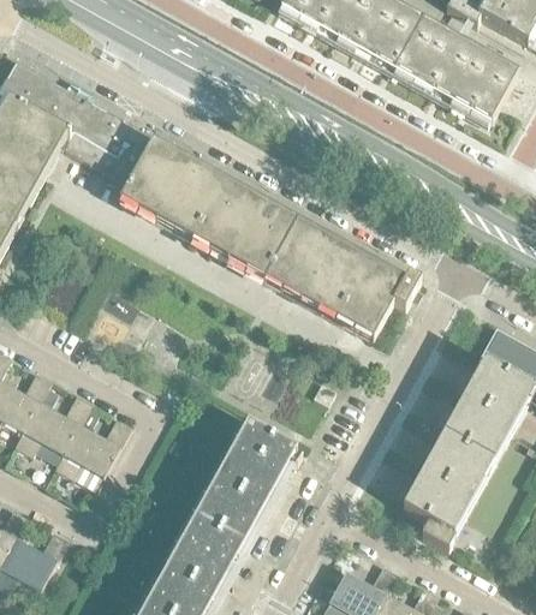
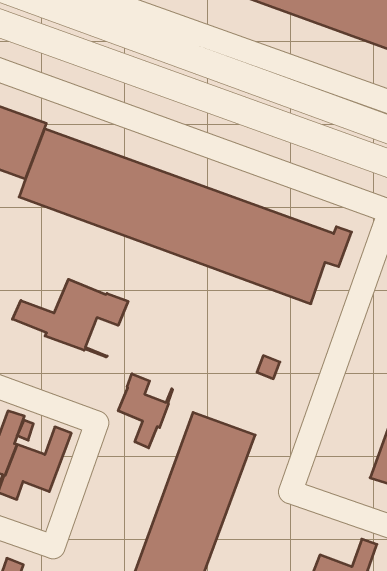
building: none -> [12,279,128,357]
building: none -> [118,374,173,448]

